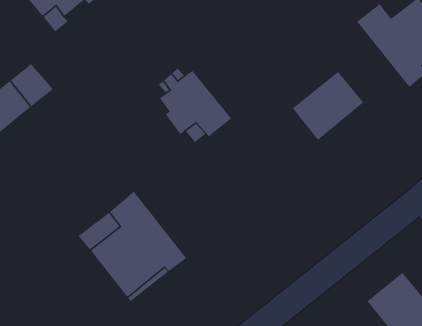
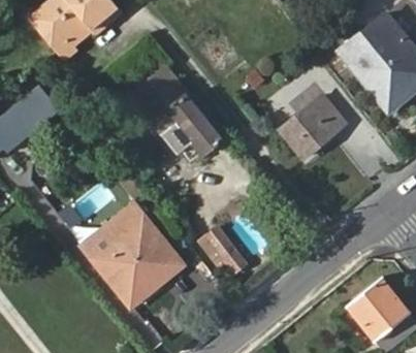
building: none -> [200,226,248,277]

